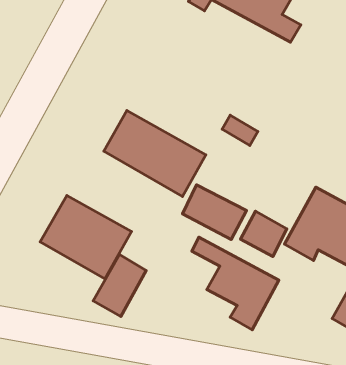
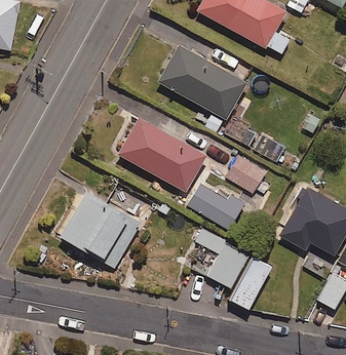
building: none -> [158,44,247,134]
building: [240,211,287,257] -> [226,157,267,197]
building: [93,254,146,316] -> none

